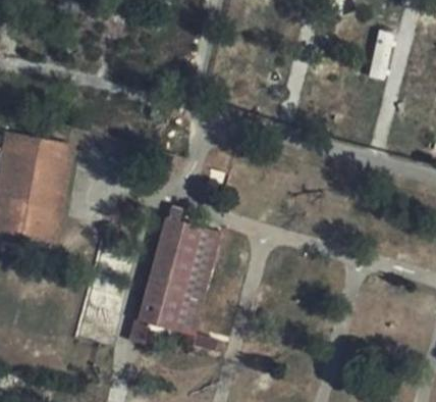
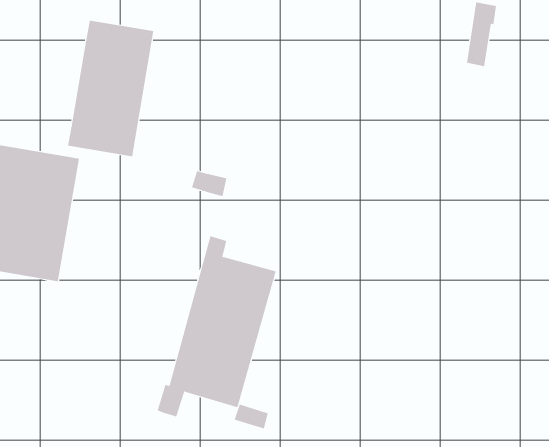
building: none -> [67,20,154,157]

